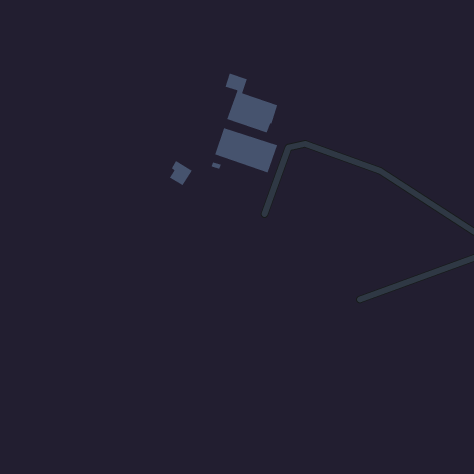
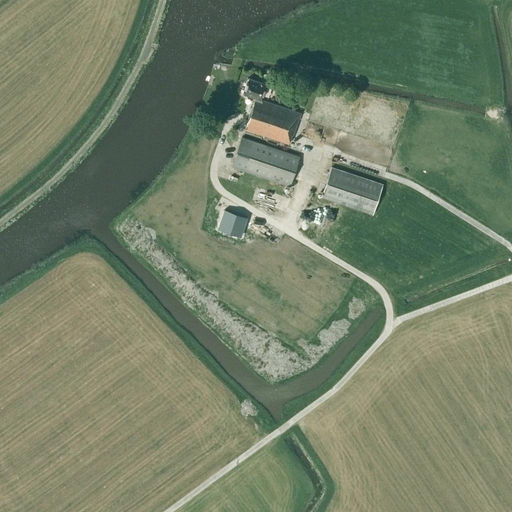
building: none -> [322,167,383,214]
building: [169,159,193,186] -> [221,207,247,236]

